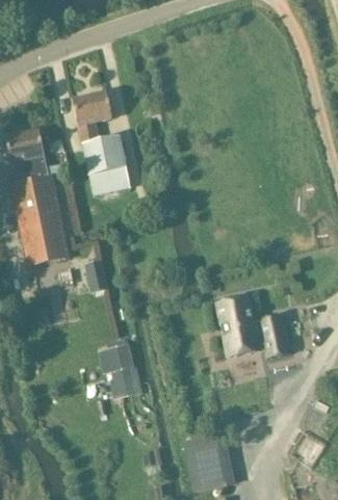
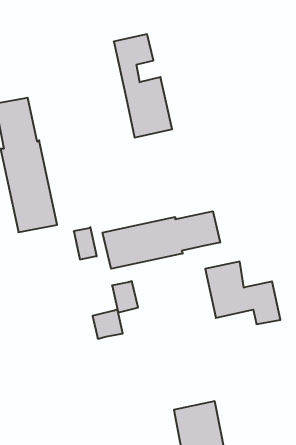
building: [73,93,131,195] -> [114,34,172,138]
building: none -> [103,211,220,269]
building: [116,365,142,396] -> [112,281,138,313]

